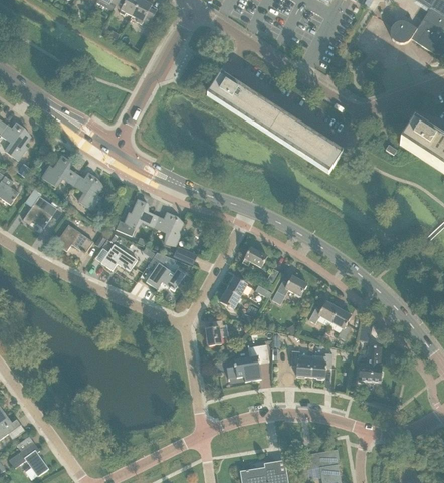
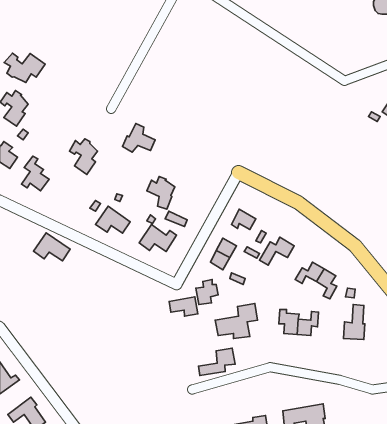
building: [207,72,343,173] -> none
building: none -> [4,53,45,82]
building: [42,154,79,186] -> none
building: [125,198,159,228] -> [122,123,155,152]
building: [55,223,93,252] -> [34,233,70,261]
building: none -> [169,297,198,316]
building: none -> [199,348,235,375]

